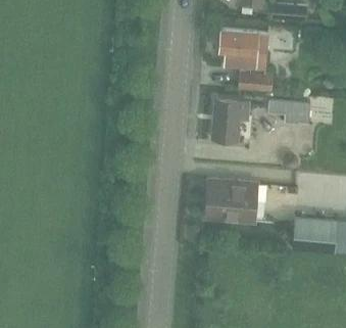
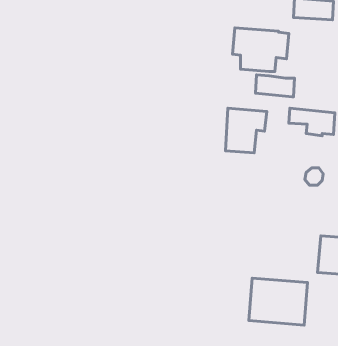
building: [205,180,257,222] -> [249,278,307,325]

